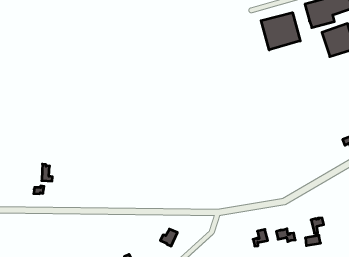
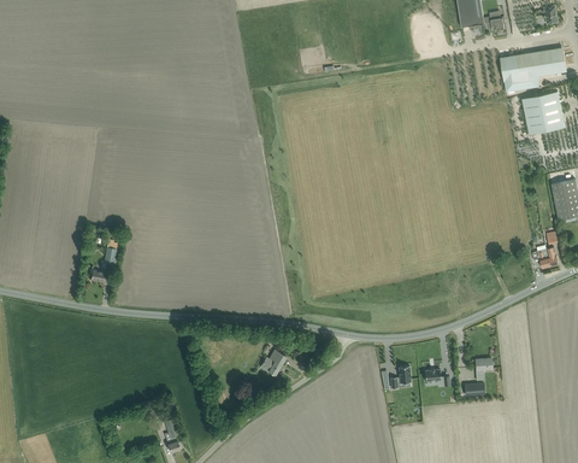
building: [261,13,300,50] -> none

